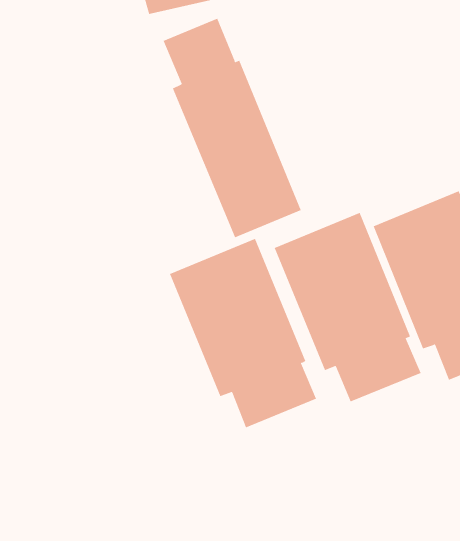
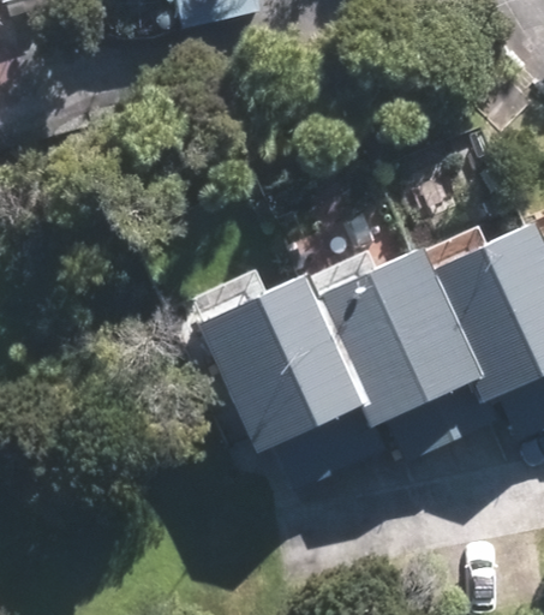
building: [163,18,302,238] -> none

